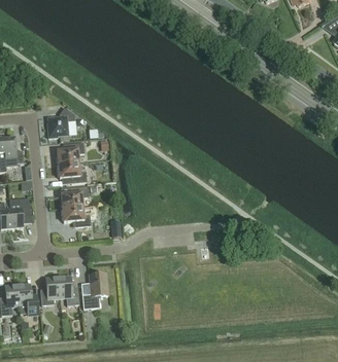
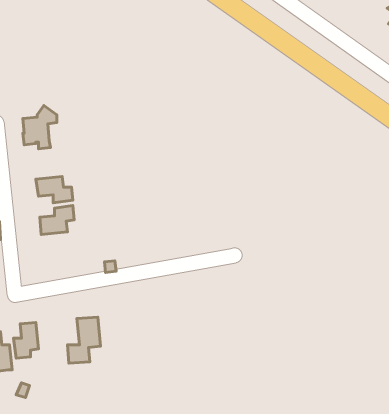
building: [57,142,83,165] -> none
building: [62,206,91,226] -> none
building: [58,276,79,305] -> none

